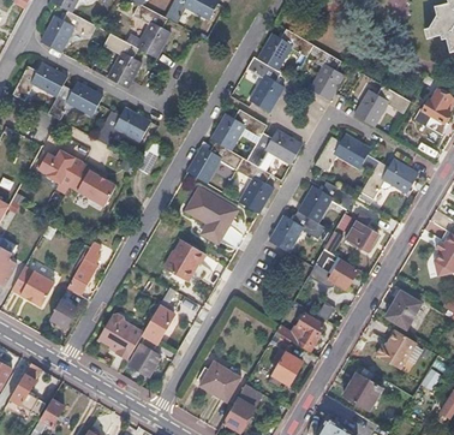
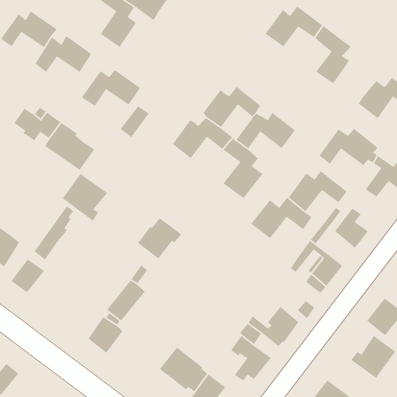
building: [246,55,285,111] -> none
building: [184,185,240,243] -> none
building: none -> [62,173,108,222]
building: [100,311,145,359] -> none

